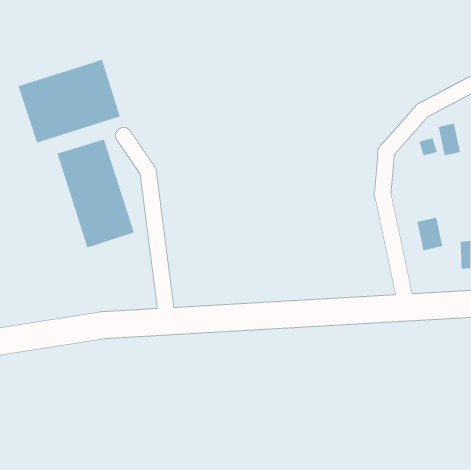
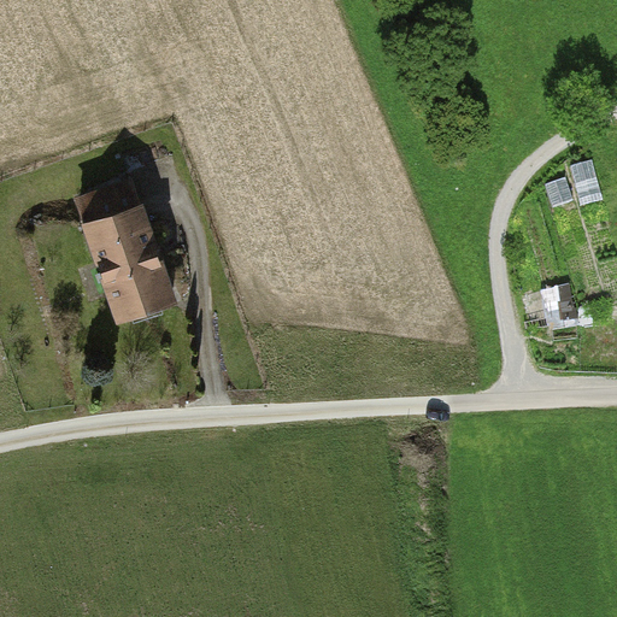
building: [17,59,121,144] -> none

